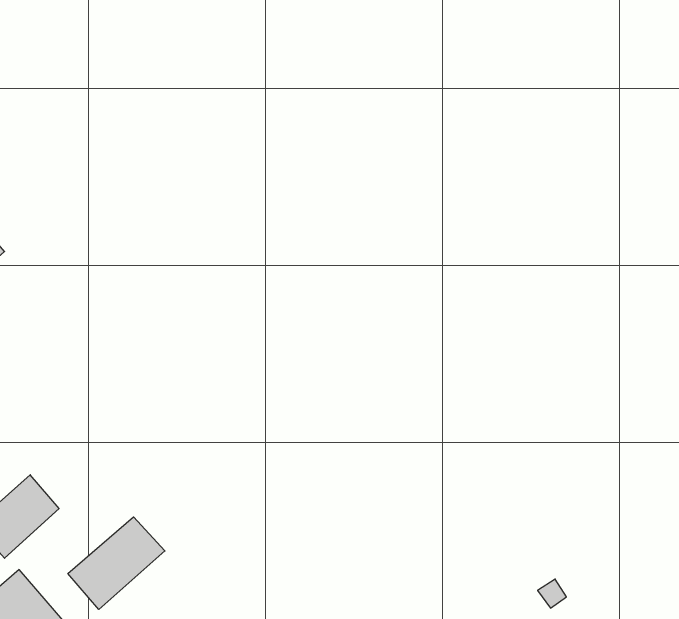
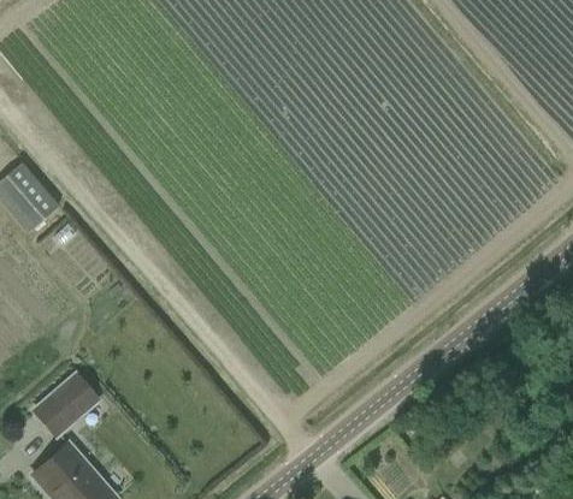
building: [68,517,165,609] -> none

